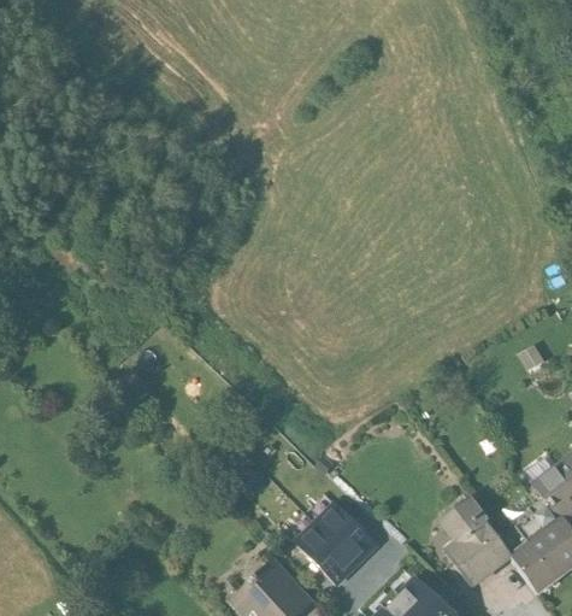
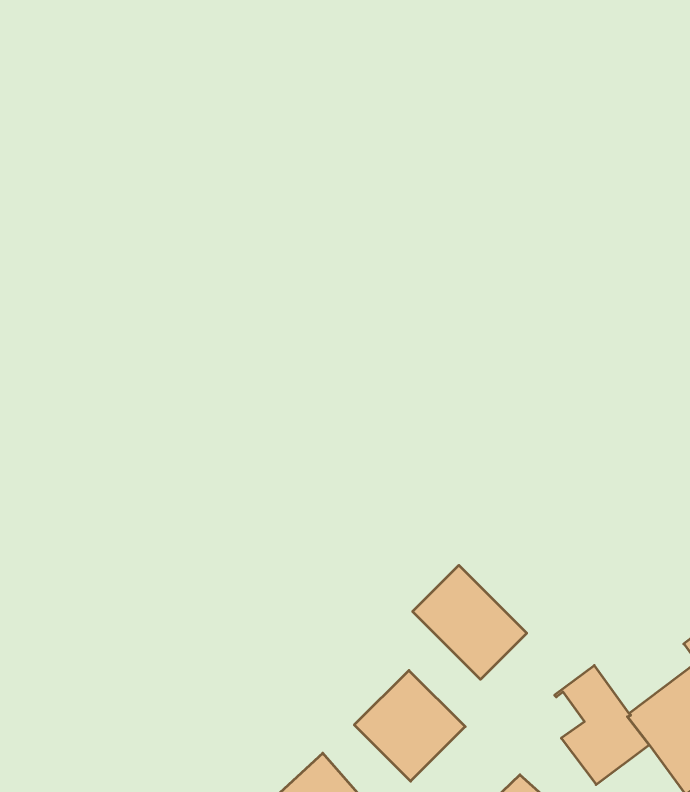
building: none -> [413,565,527,679]

